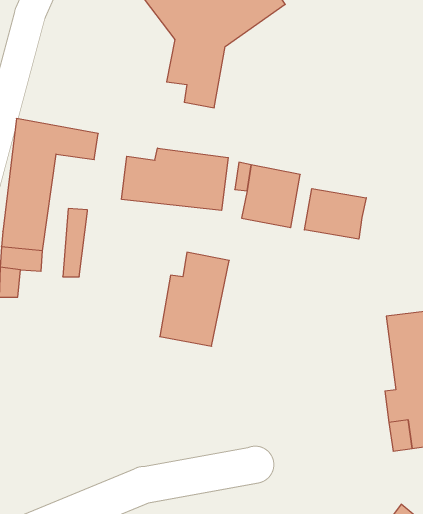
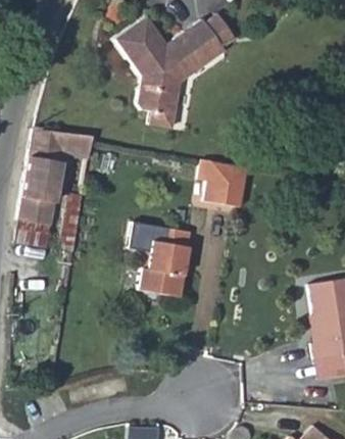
building: [122,148,228,210] -> none
building: [304,189,366,239] -> none

